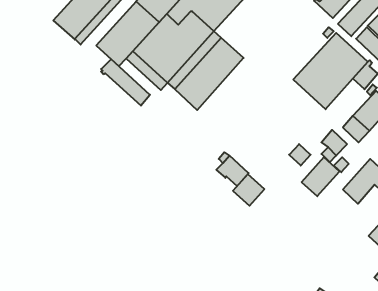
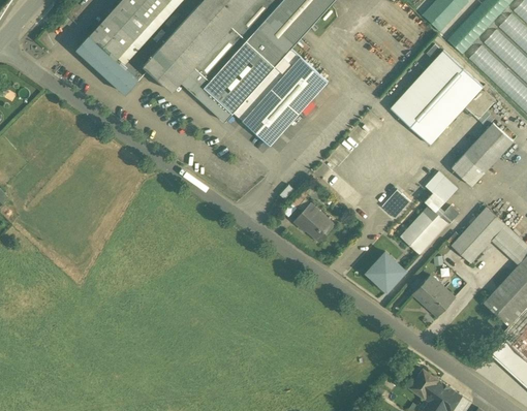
building: [101,59,150,106] -> [76,36,137,94]
building: [233,174,264,206] -> [366,253,405,292]
building: none -> [412,275,455,317]

